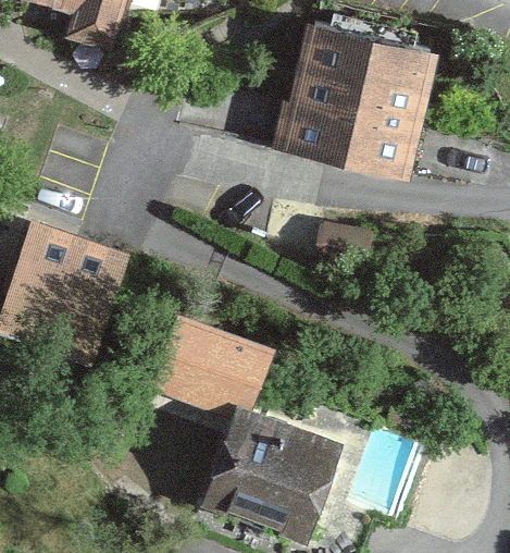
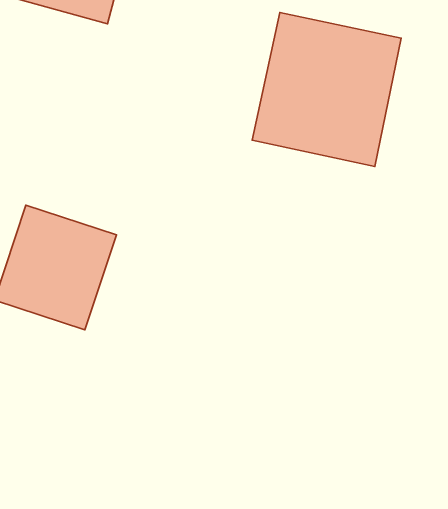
building: [157,325,338,538] -> none

